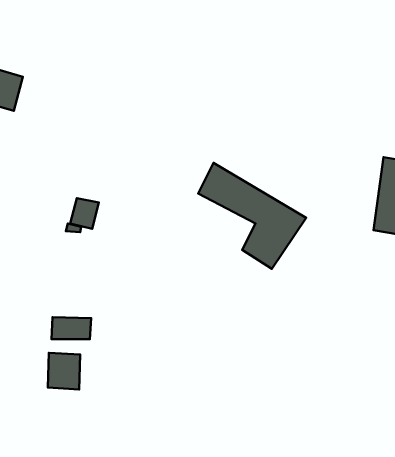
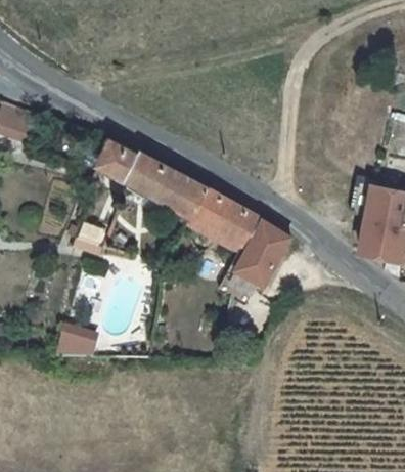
building: none -> [102,141,209,218]
building: [48,353,80,389] -> none

